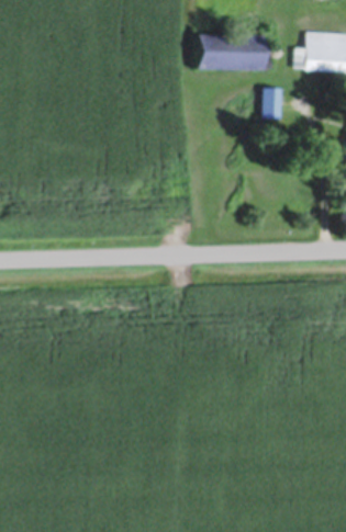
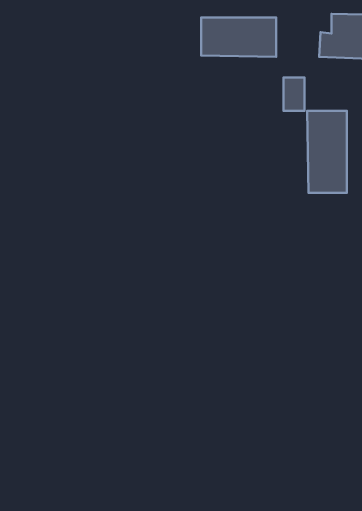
building: none -> [307,111,347,193]

